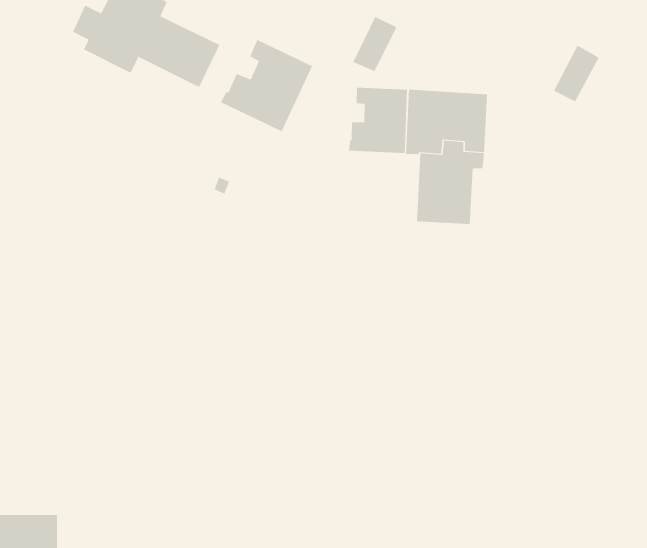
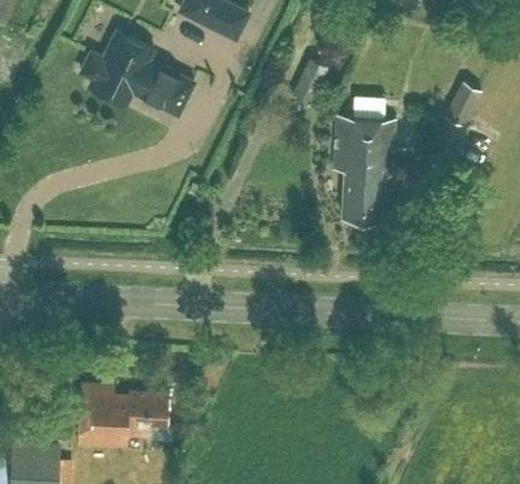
building: [220,39,313,132] -> none
building: [349,87,407,154] -> none
building: none -> [76,384,173,448]

